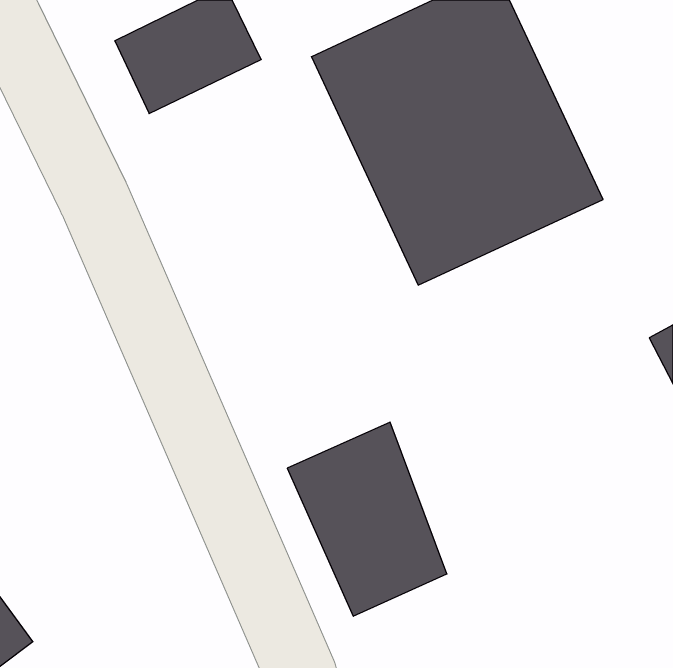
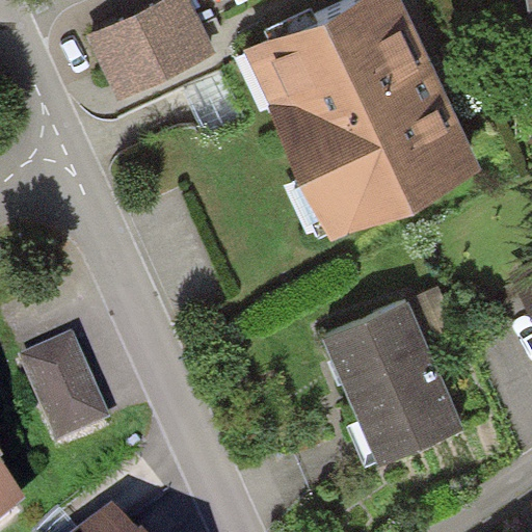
building: [287,422,447,616] -> [329,301,455,454]
building: none -> [21,342,105,445]

